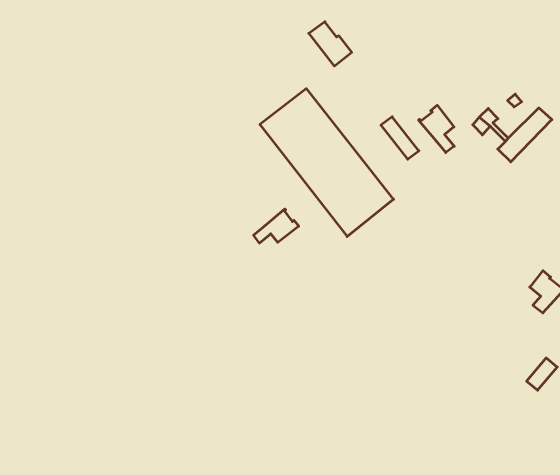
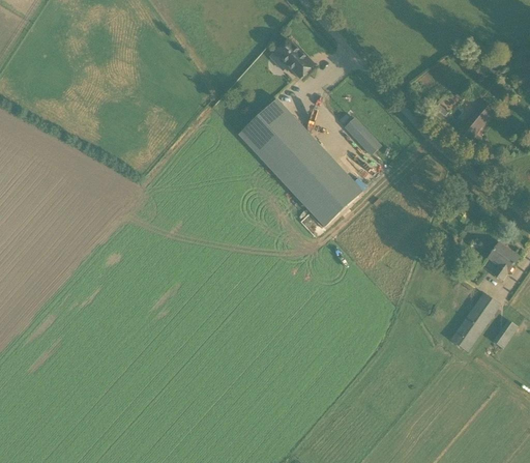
building: [419,105,454,153] -> none
building: [254,209,299,243] -> none
building: none -> [450,291,499,350]

